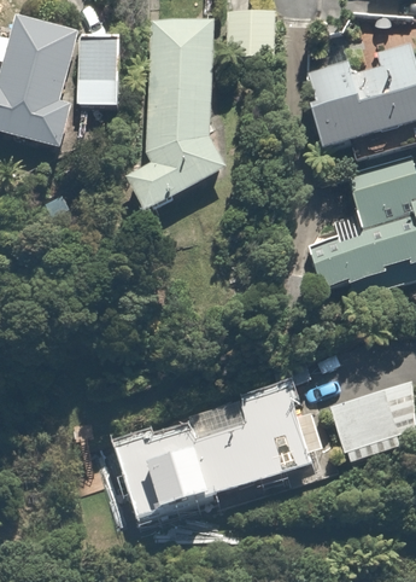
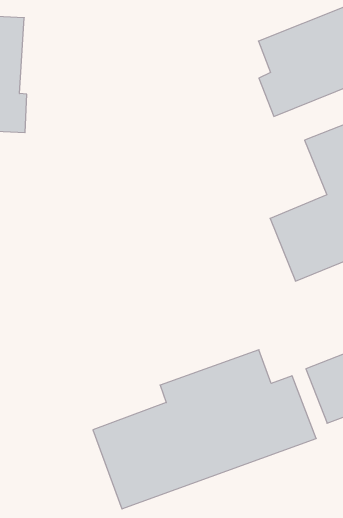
building: [124,22,236,209] -> none
building: [77,33,127,110] -> none

